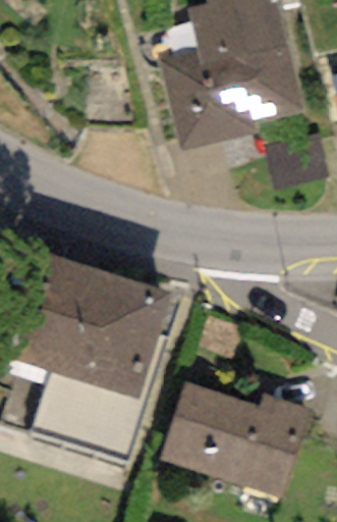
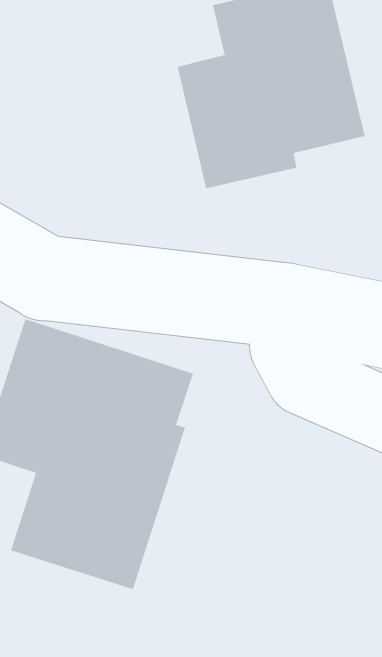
building: [160,380,312,498] -> none

